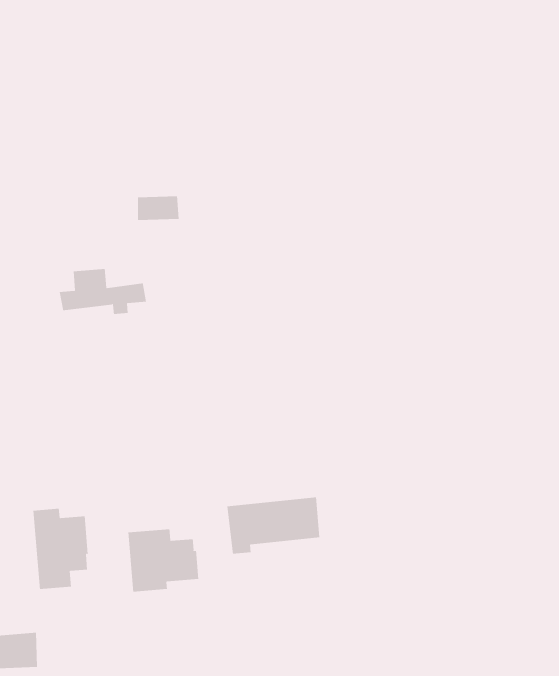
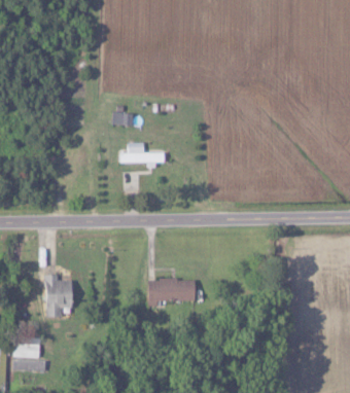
building: [59,268,147,314] -> [118,143,165,168]
building: [128,528,199,592] -> none

